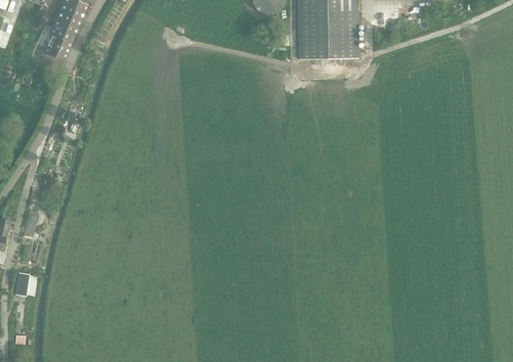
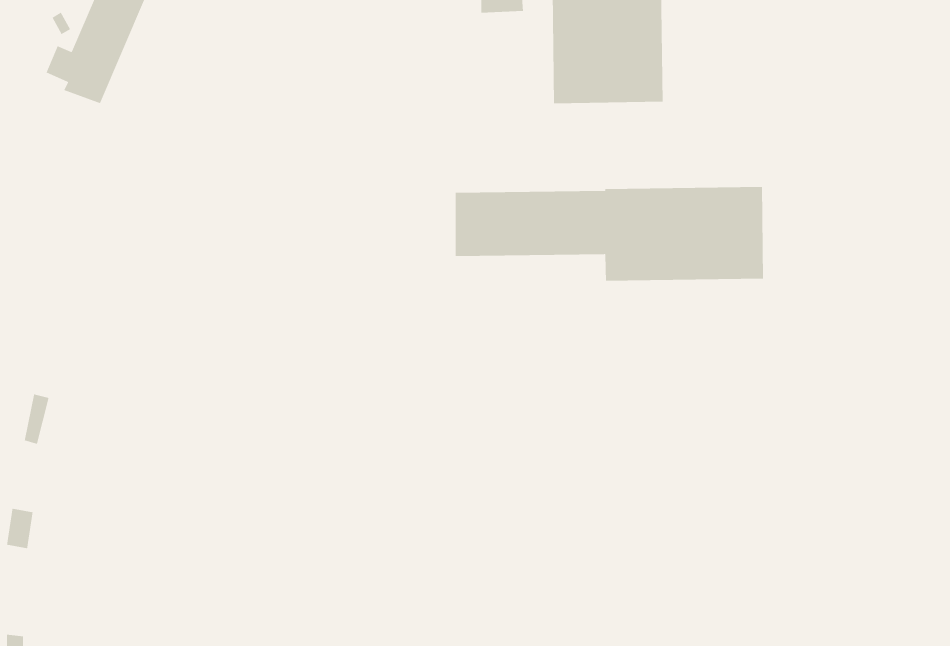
building: none -> [455,186,764,282]

